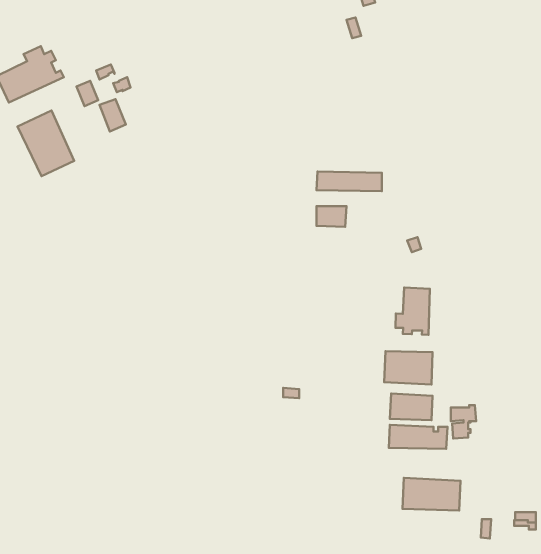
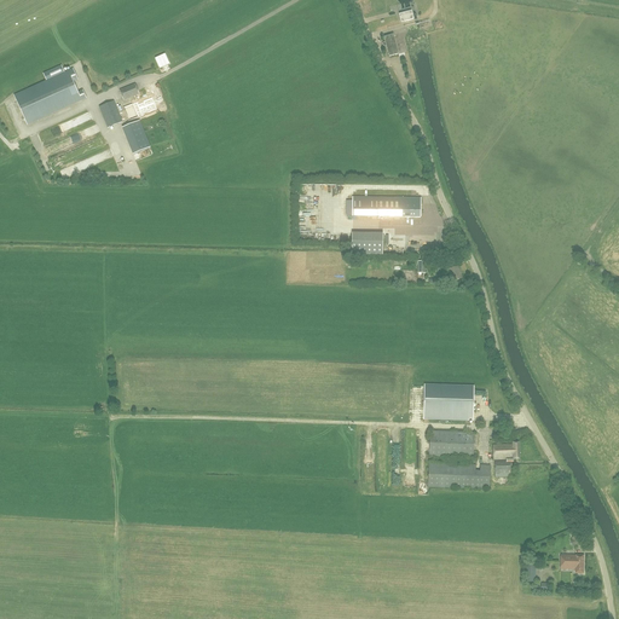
building: [17,111,74,176] -> none
building: [395,288,430,335] -> none
building: [402,478,460,511] -> none

